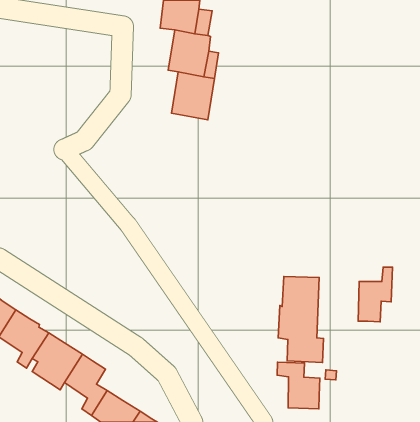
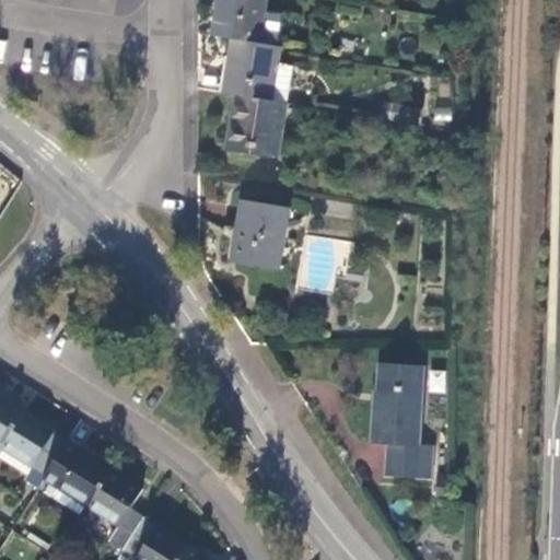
building: none -> [231,202,287,269]
building: [358,267,393,322] -> none
building: [277,362,320,409] -> none

